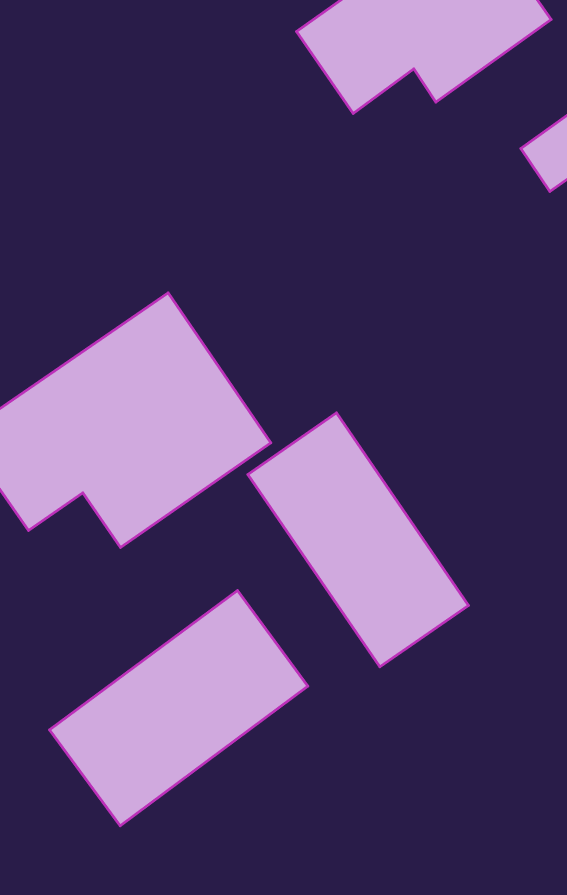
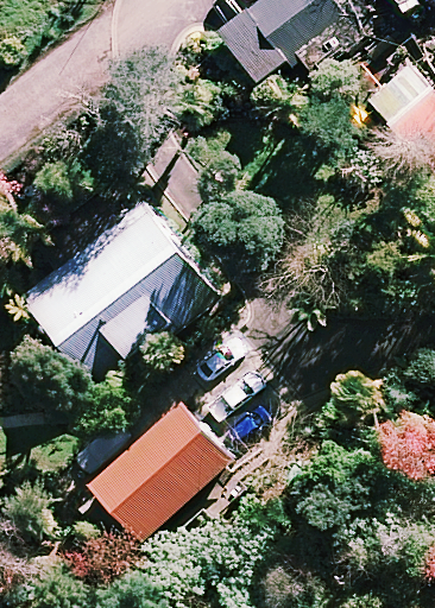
building: [248,413,468,667] -> none

